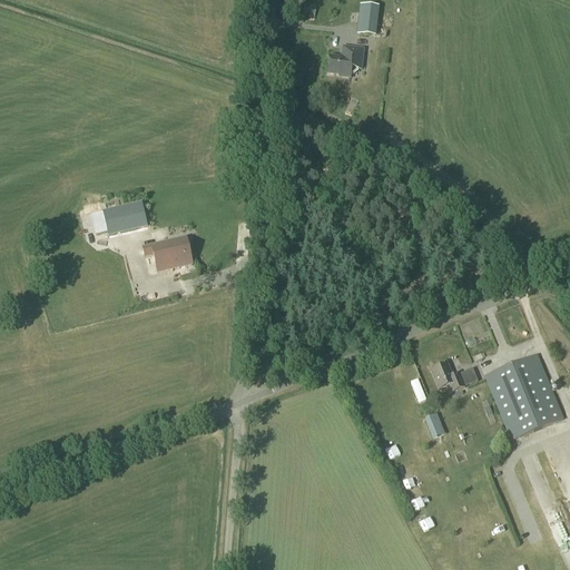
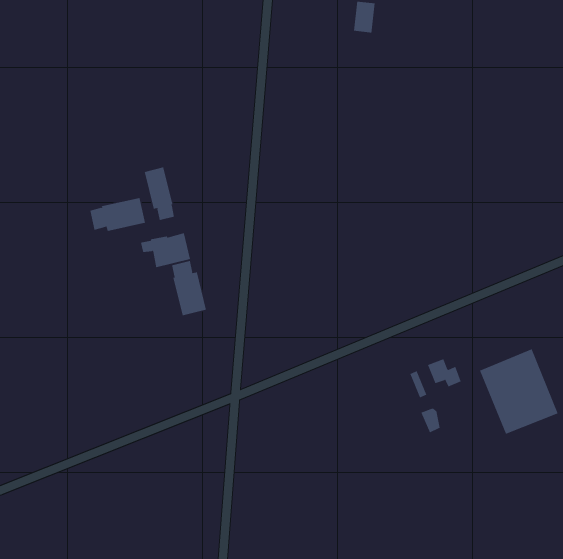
building: [328,45,363,75] -> none
building: none -> [144,167,175,221]
building: none -> [172,260,206,316]

